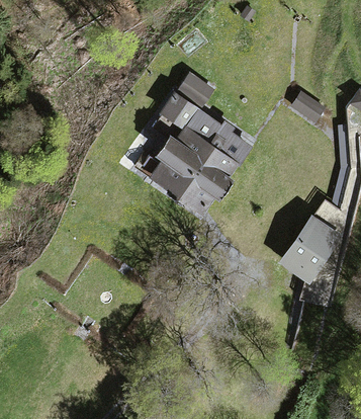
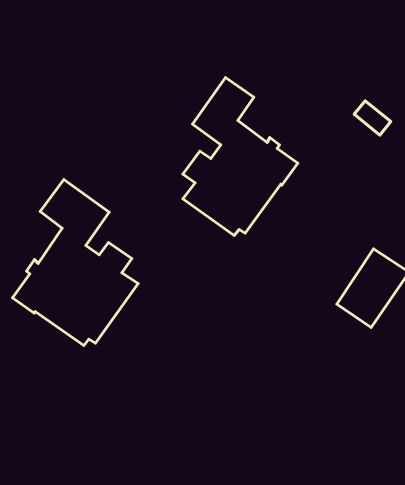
building: none -> [12,179,138,346]

